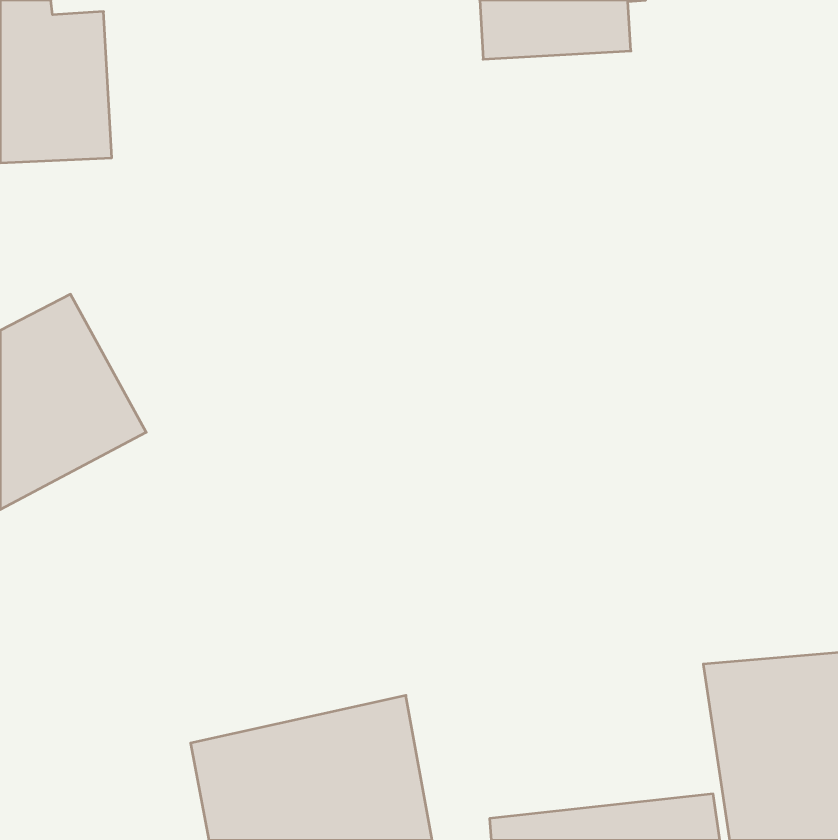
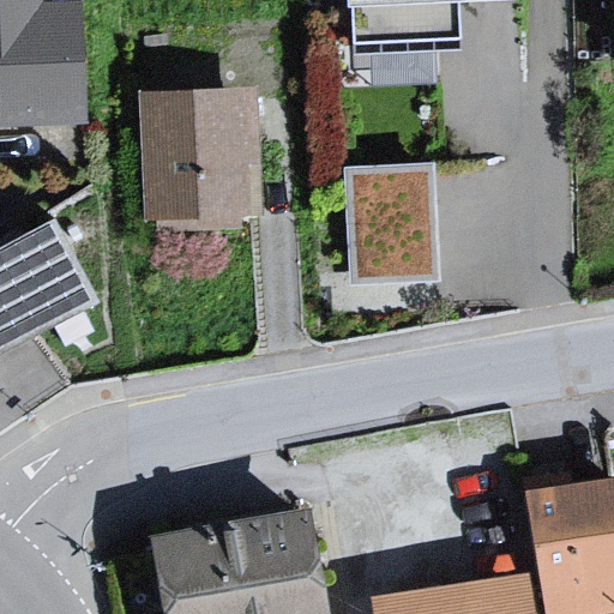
building: none -> [136,89,257,229]
building: none -> [347,151,440,270]

